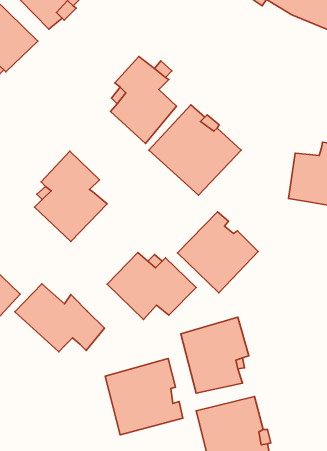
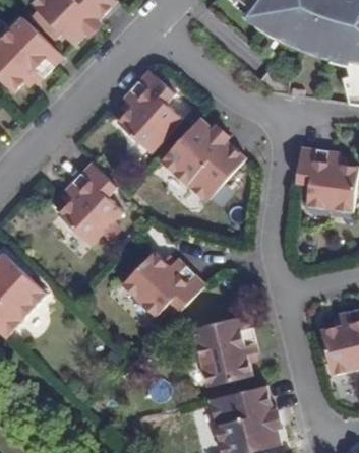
building: [177,212,258,293] -> none
building: [15,284,104,352] -> none
building: [105,358,183,435] -> none

